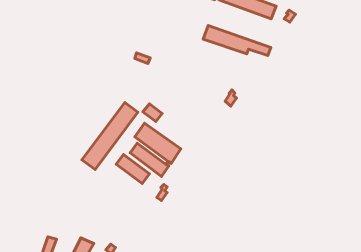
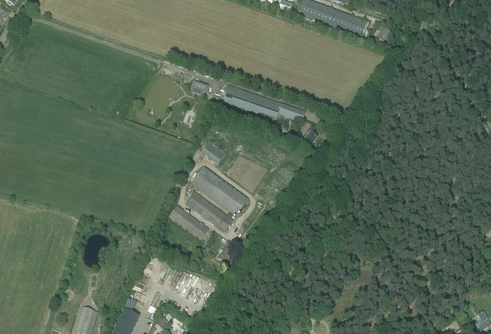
building: [203,26,271,55] -> [222,84,306,121]
building: [82,103,138,169] -> none

